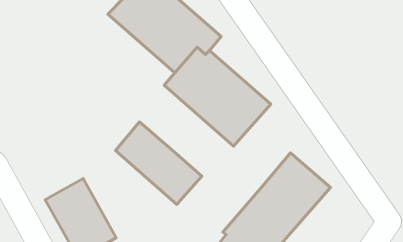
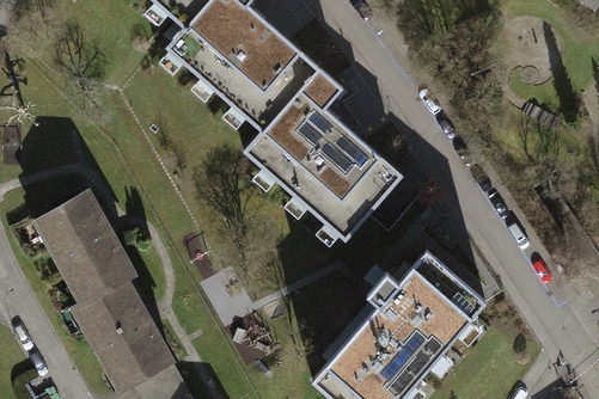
building: none -> [35,194,140,311]
building: [115,122,202,204] -> none

